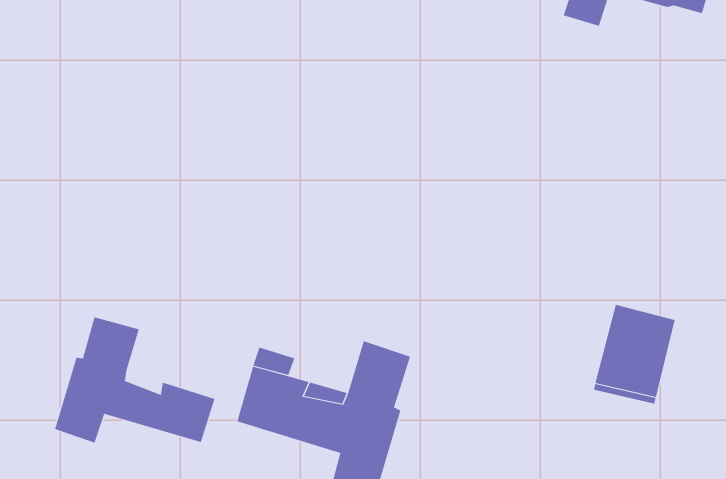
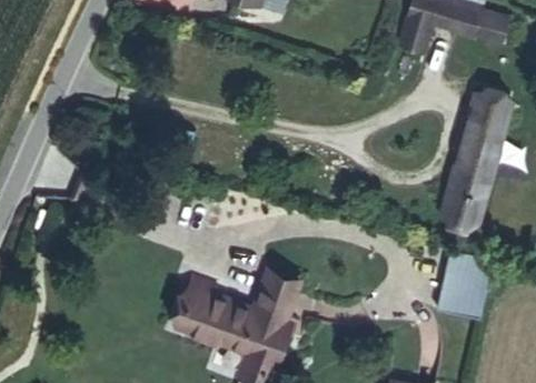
building: none -> [439,94,510,221]
building: [54,317,215,443] -> none

